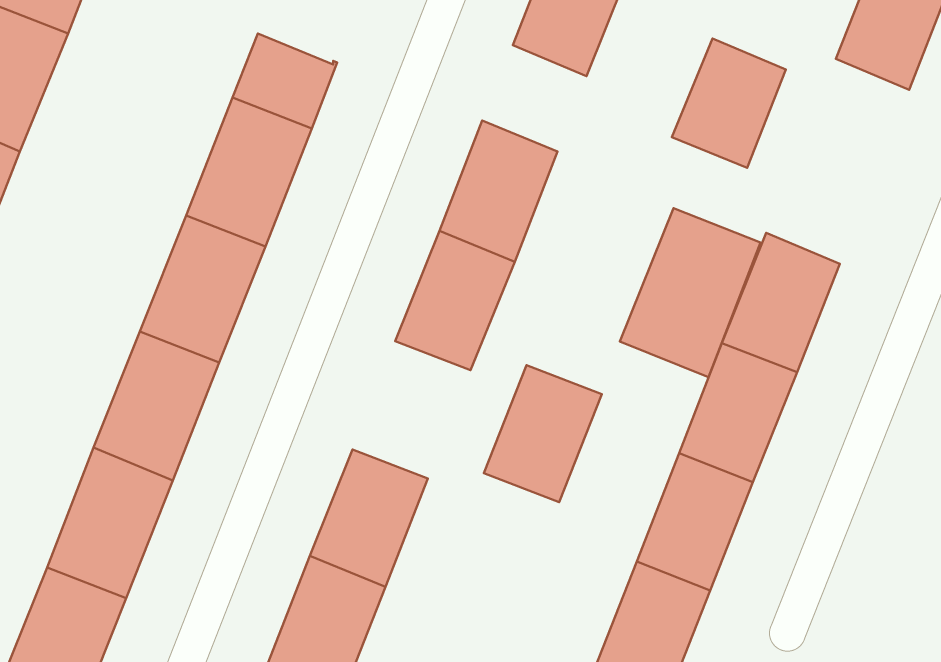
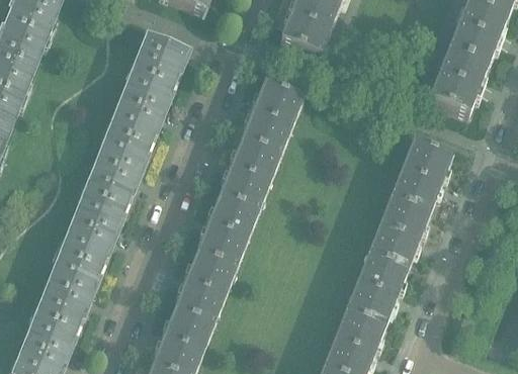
building: [672,38,786,168] -> [427,52,487,119]
building: [620,208,761,377] -> none
building: [484,365,602,502] -> [195,199,257,271]

